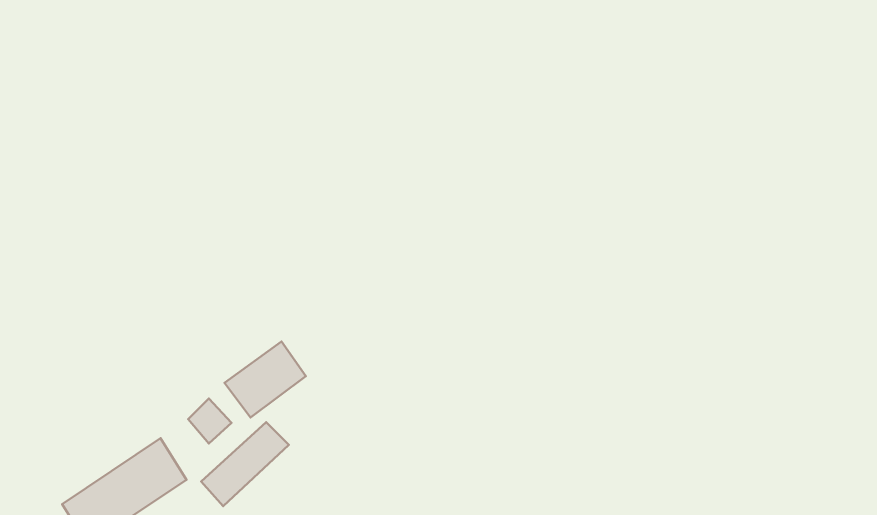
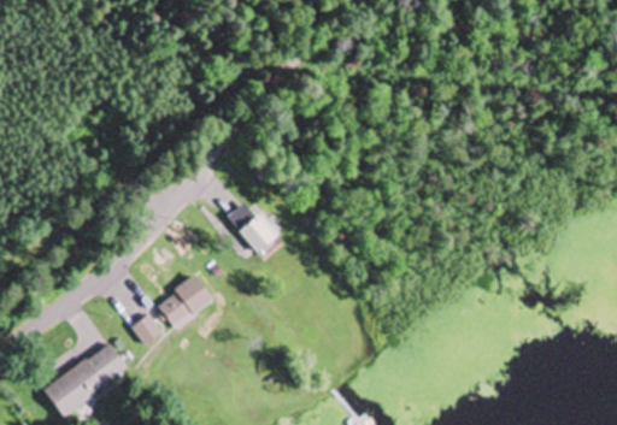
building: none -> [225,202,281,255]
building: [201,422,289,506] -> none

